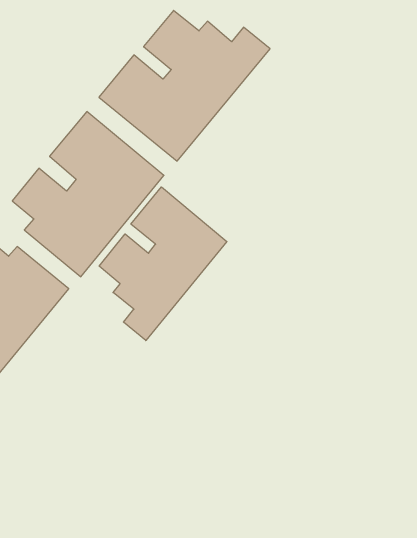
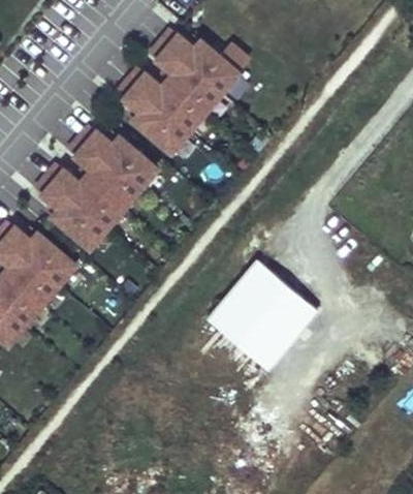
building: [99,187,227,341] -> none
building: none -> [206,269,315,378]

